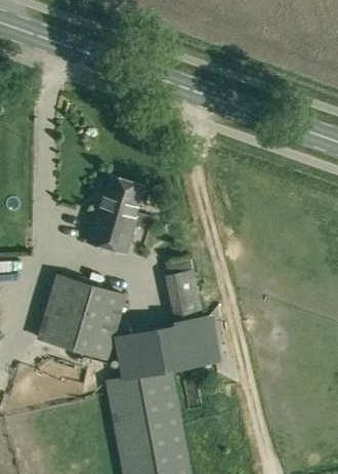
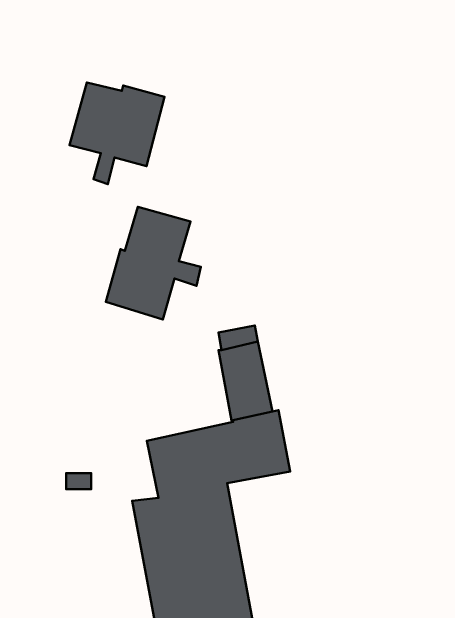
building: none -> [69,82,165,184]
building: [37,276,125,357] -> none

